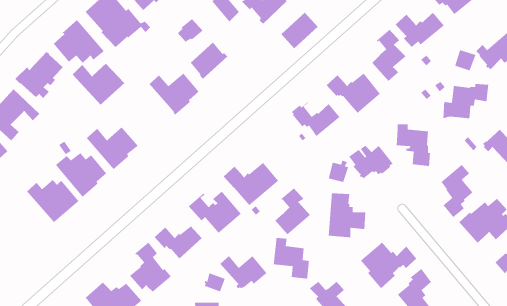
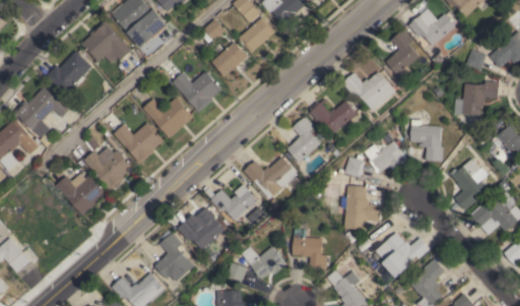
building: [280,12,319,49] -> [239,17,275,53]
building: [72,63,125,105] -> [143,98,194,138]
building: [275,187,311,235] -> [286,117,321,163]

